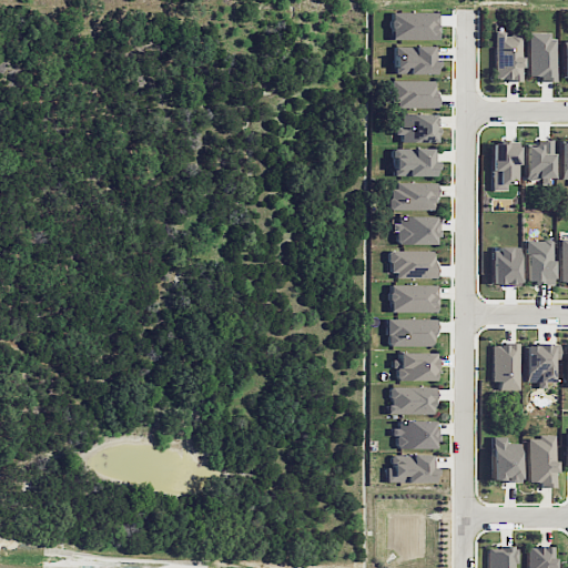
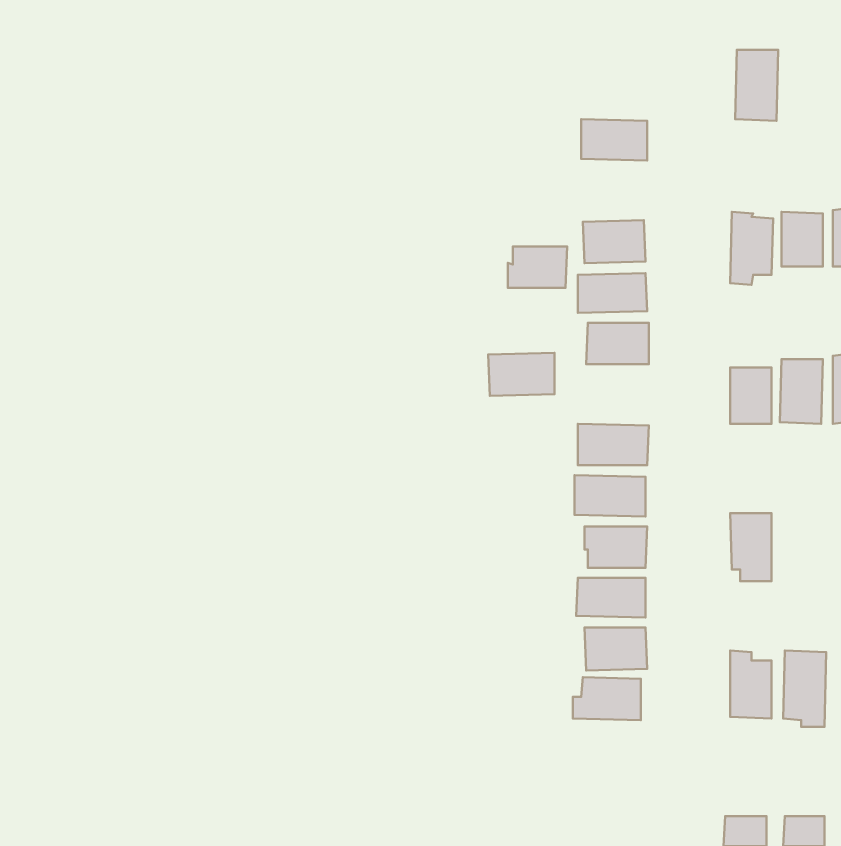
building: [392,12,439,40] -> none
building: [530,33,558,82] -> none
building: [395,45,436,74] -> none
building: [398,114,438,142] -> [508,246,567,288]
building: [392,250,436,278] -> [488,353,554,396]
building: [526,344,560,382] -> none

